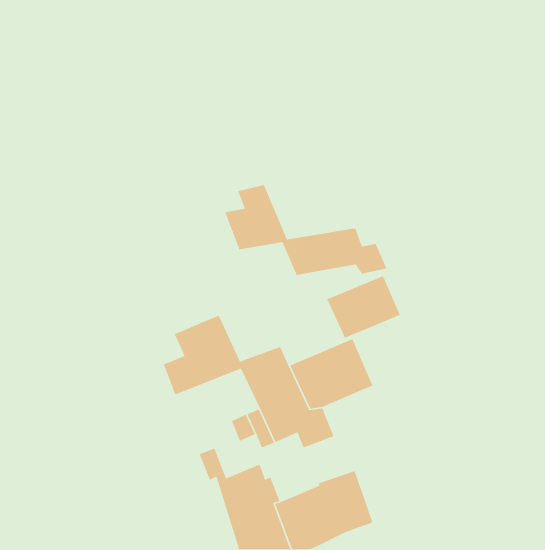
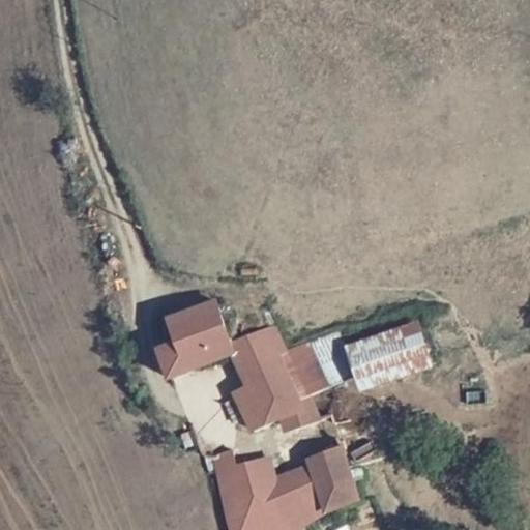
building: [224,184,387,276] -> none
building: [326,275,401,339] -> [355,319,426,380]

